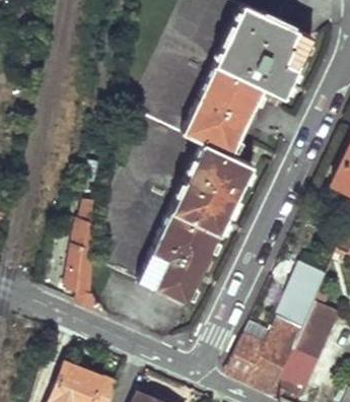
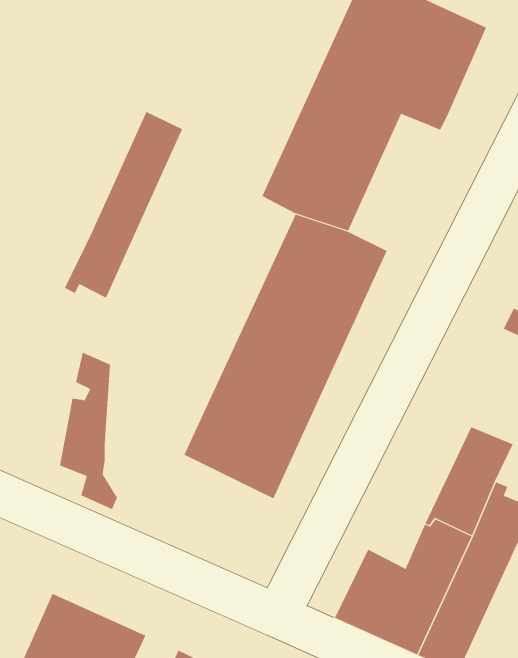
building: none -> [64,111,183,298]

